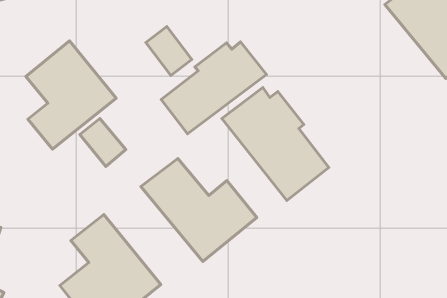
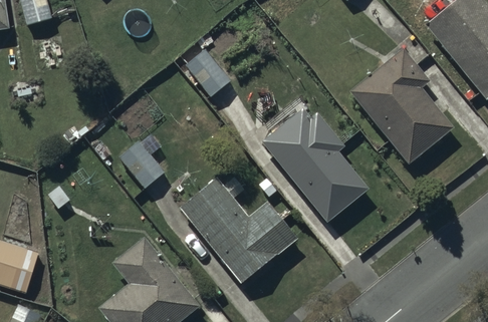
building: none -> [350,48,454,165]
building: [26,41,116,149] -> none
building: [161,42,267,134] -> none

